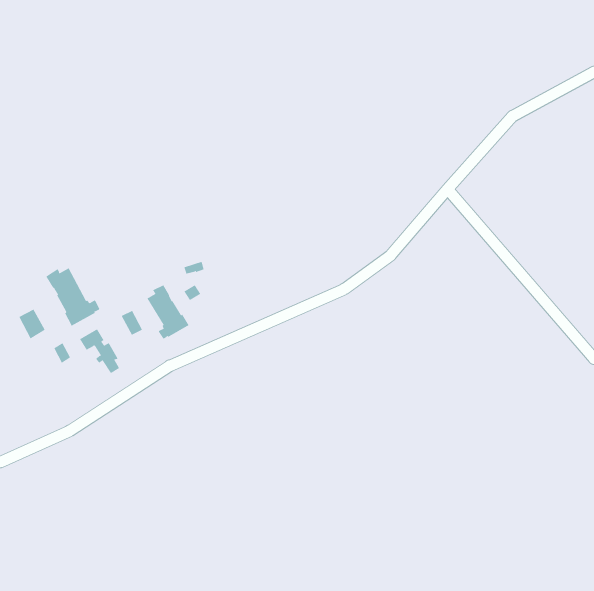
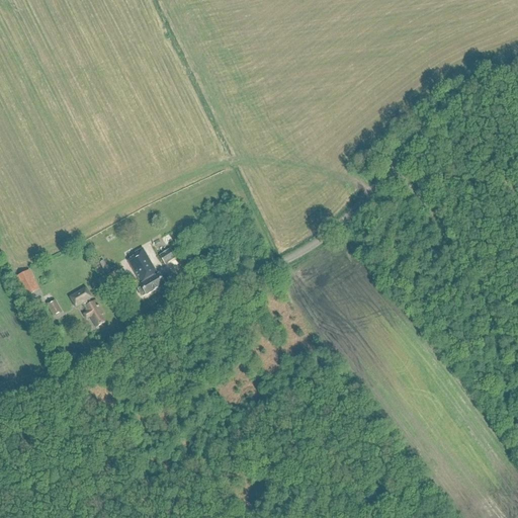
building: [46,268,100,327] -> none

